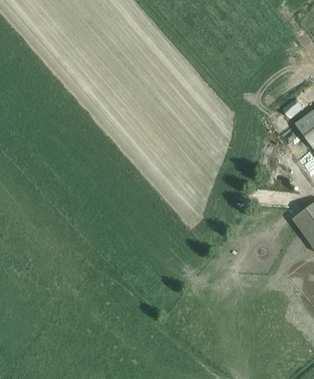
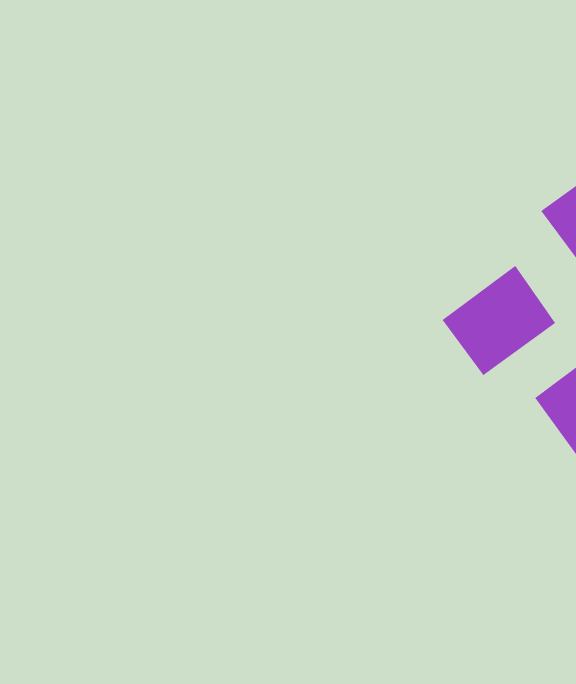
building: none -> [441,265,556,376]

